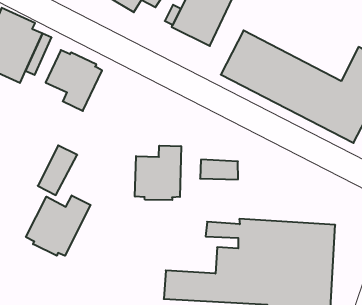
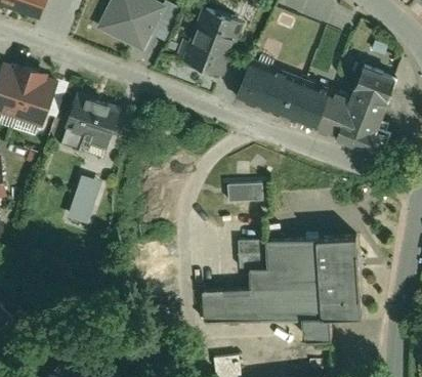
building: [135,146,181,200] -> none
building: [26,195,91,256] -> none

